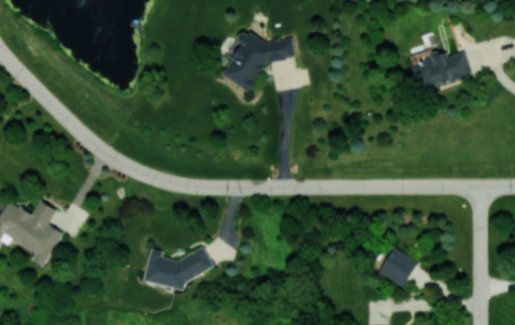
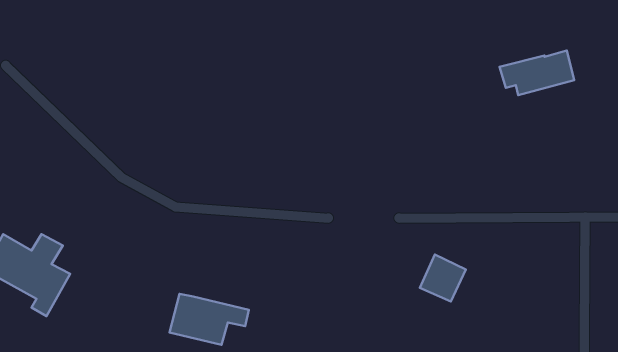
building: [221,32,295,92] -> none
building: [379,248,416,286] -> [420,254,466,302]

